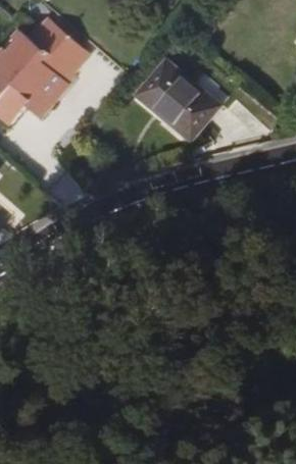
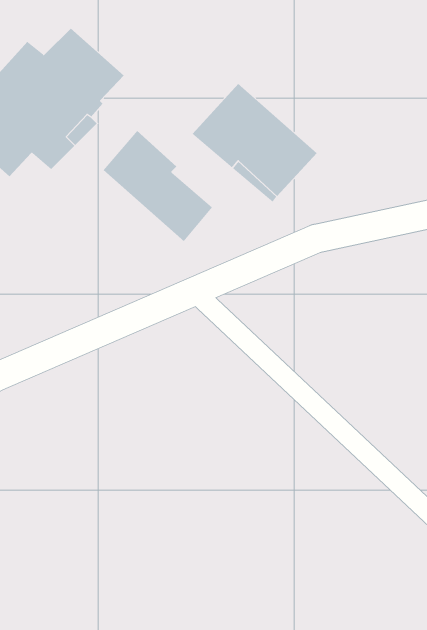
building: none -> [103,130,213,242]

